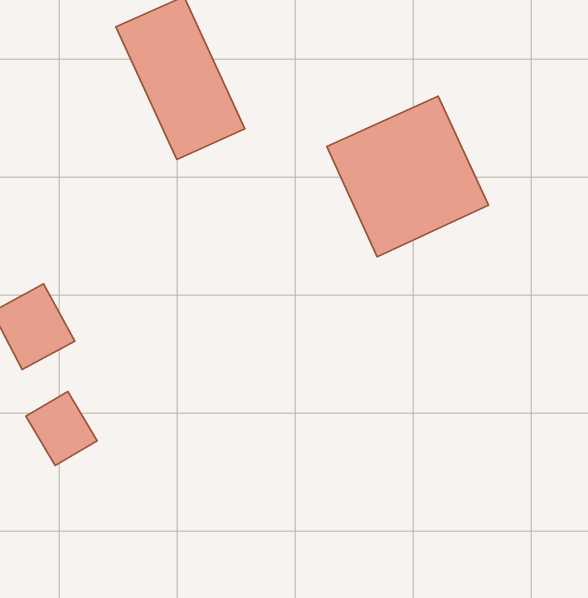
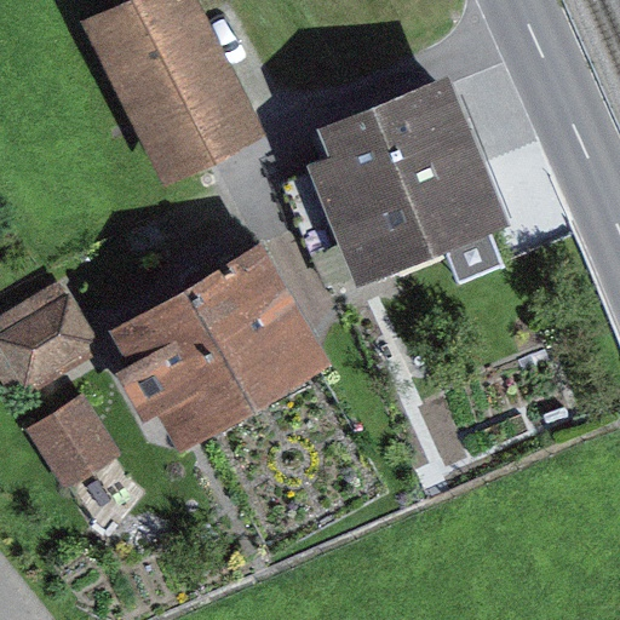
building: none -> [115,264,303,438]

